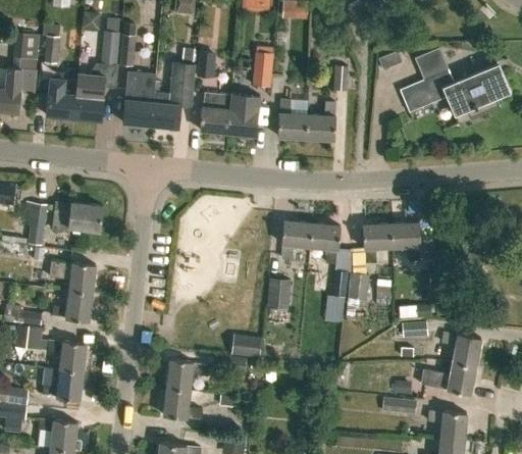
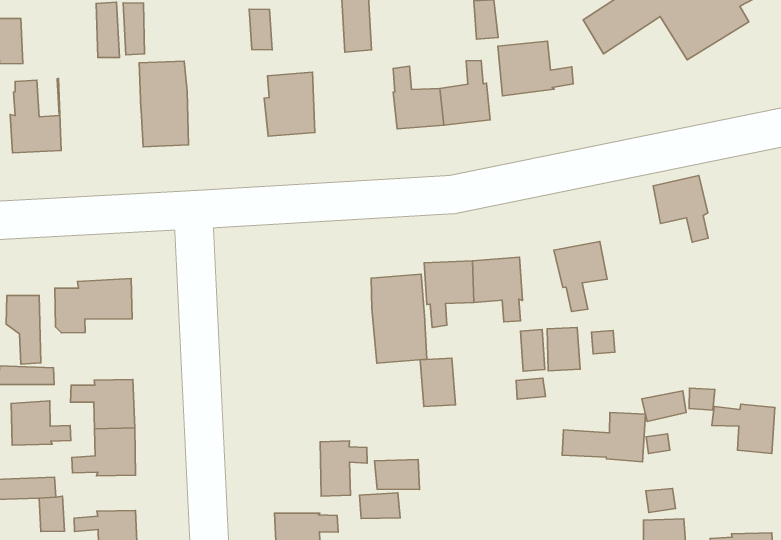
building: [150,65,196,130] -> none
building: [72,75,106,122] -> none
building: [227,94,260,135] -> none
building: none -> [498,41,573,96]
building: [389,221,420,261] -> [653,176,708,242]
building: none -> [371,274,427,363]
building: none -> [11,401,71,445]
building: none -> [320,441,367,496]
building: [420,363,474,396] -> [562,413,645,462]

